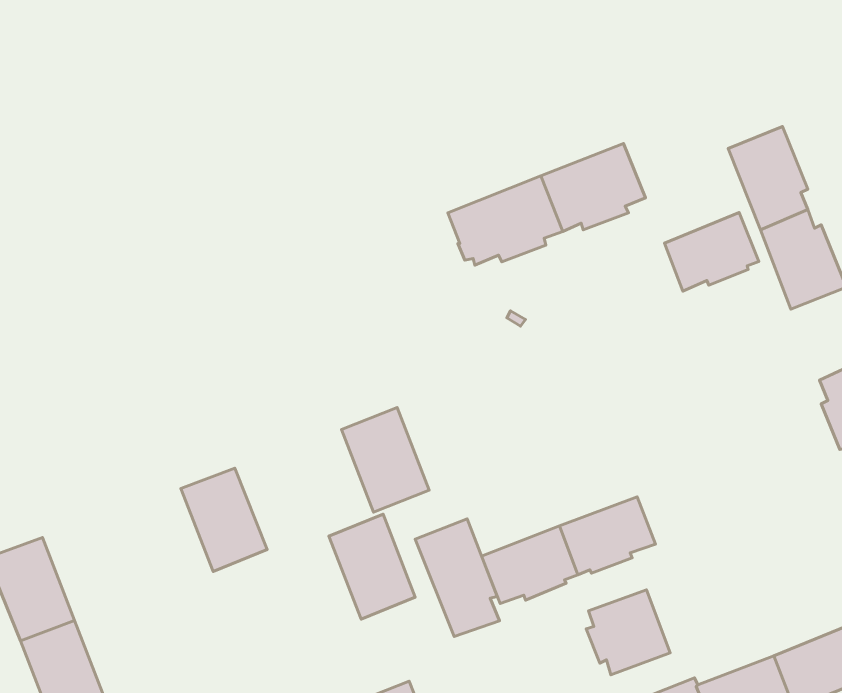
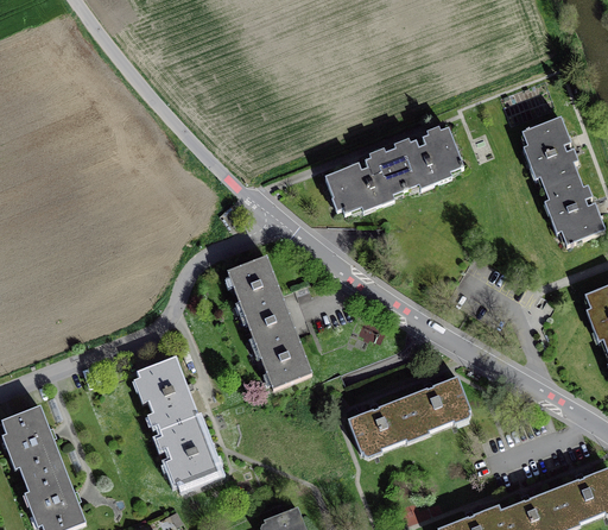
building: [664,212,759,291] -> none
building: none -> [226,255,287,329]
building: [329,514,415,619] -> [158,414,218,487]
building: [415,519,500,637] -> none
building: [586,590,670,675] -> none

